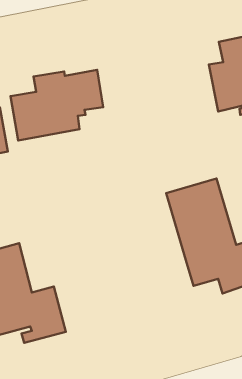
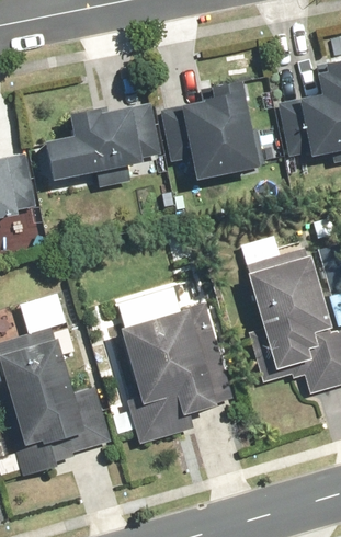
building: none -> [181,81,268,180]
building: none -> [120,284,215,444]

